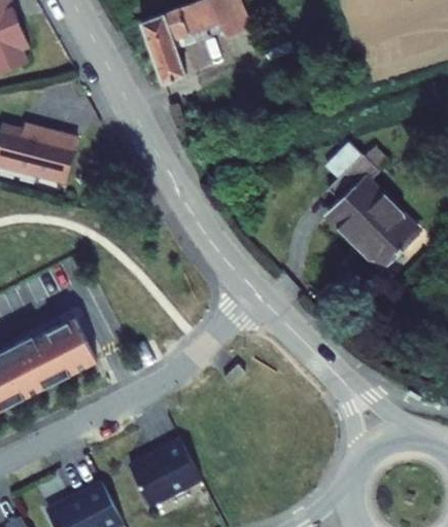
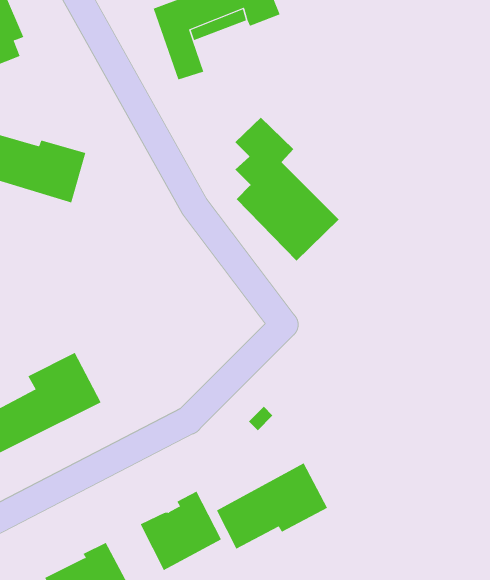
building: [326,141,417,266] -> [234,117,339,261]
building: none -> [216,463,328,549]

